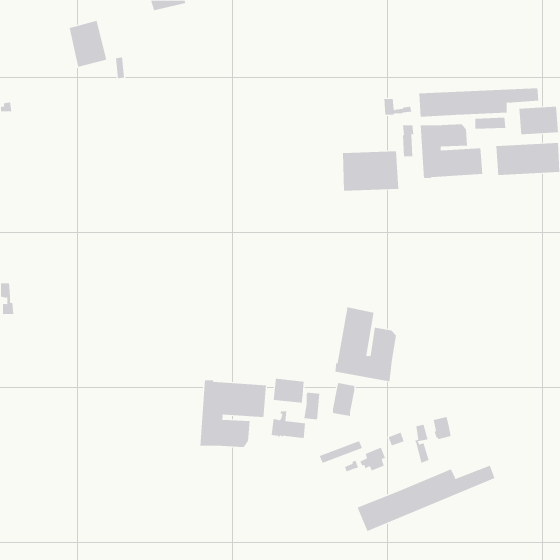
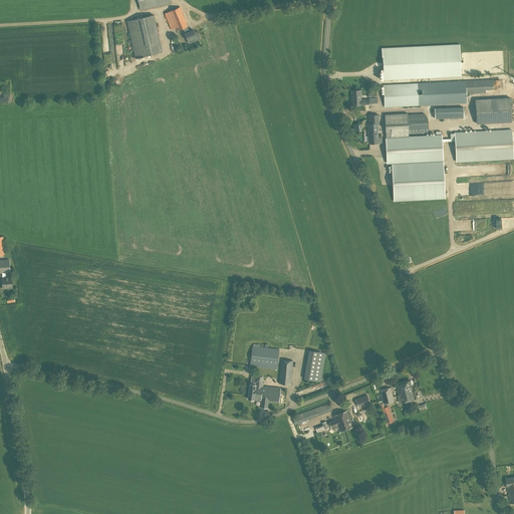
building: none -> [165,8,200,43]
building: [69,20,107,67] -> [127,15,163,58]
building: none -> [381,44,461,80]
building: [342,151,399,191] -> [393,163,445,200]
building: [335,307,397,382] -> none
building: [200,380,267,448] -> none
building: [357,465,495,532] -> none

